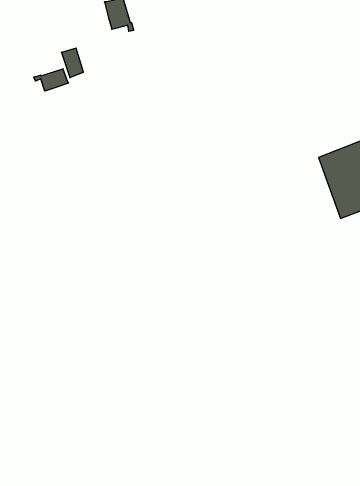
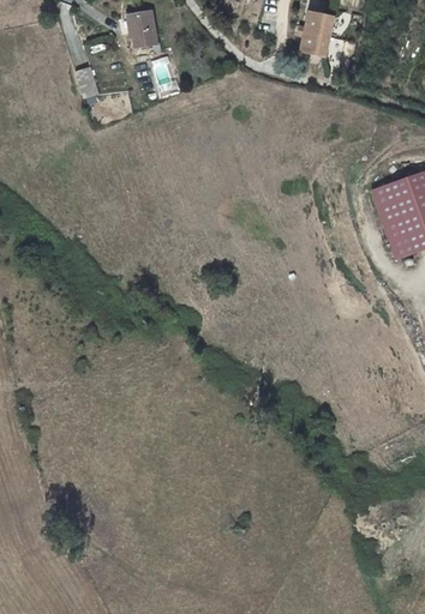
building: none -> [297,16,330,58]
building: [34,69,69,91] -> none

